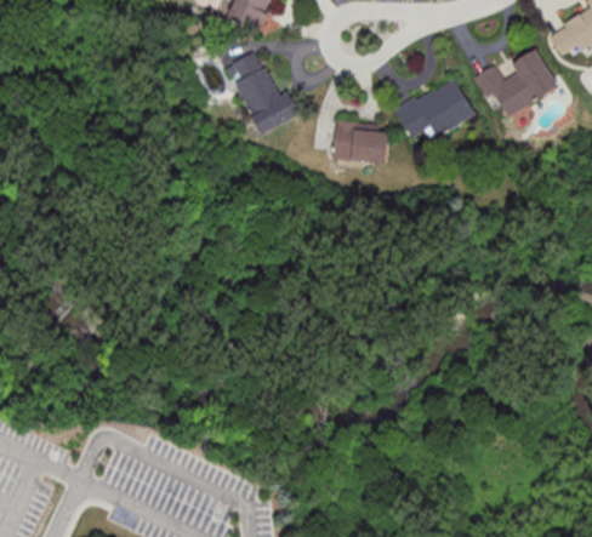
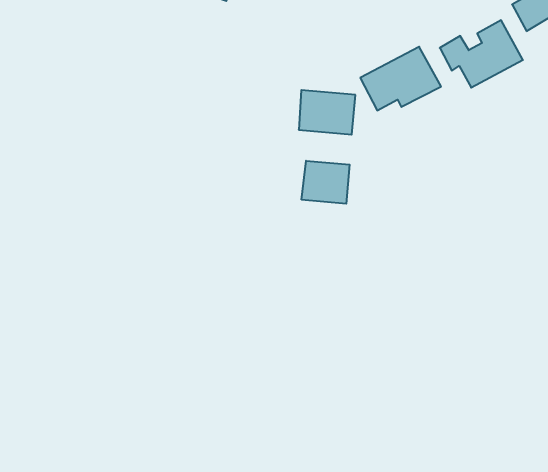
building: [228,51,301,133] -> none
building: none -> [302,161,350,204]

